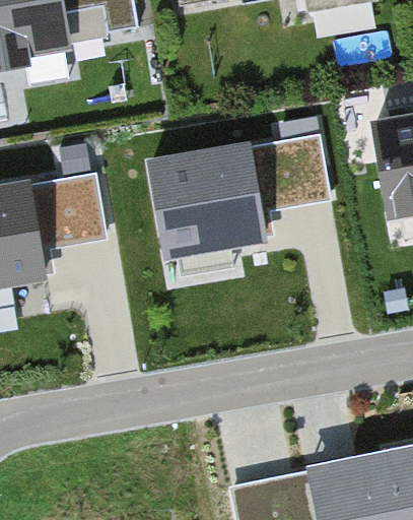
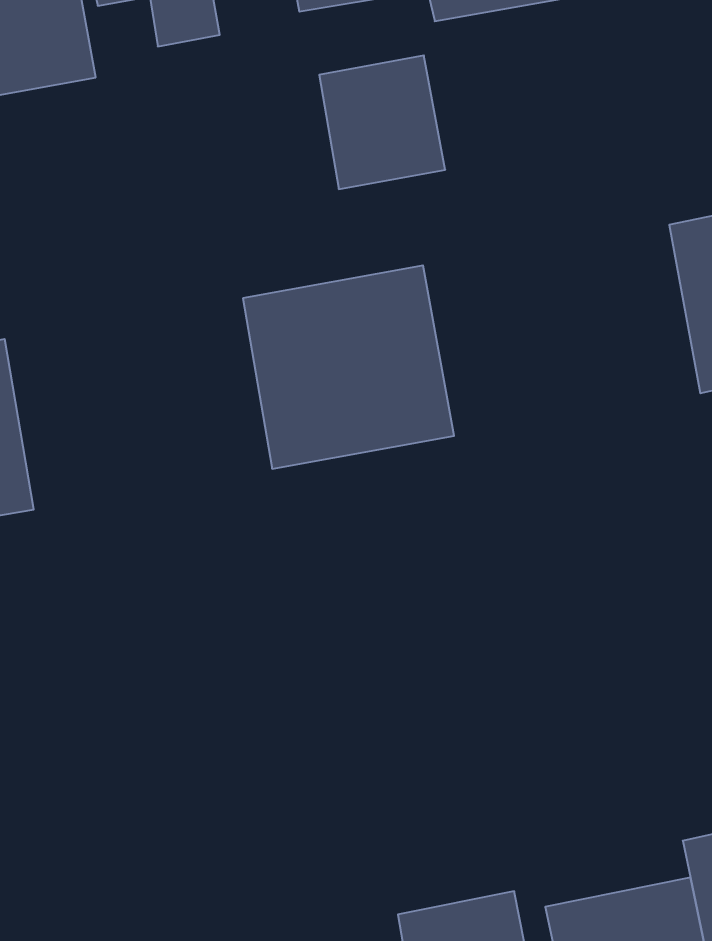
building: [265,134,331,204] -> [319,55,445,189]
building: [41,174,107,243] -> none

